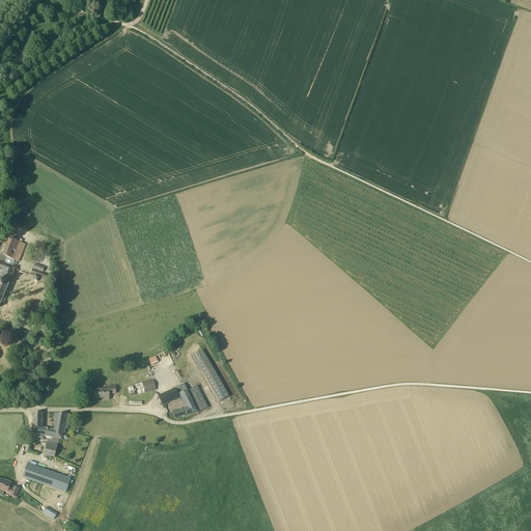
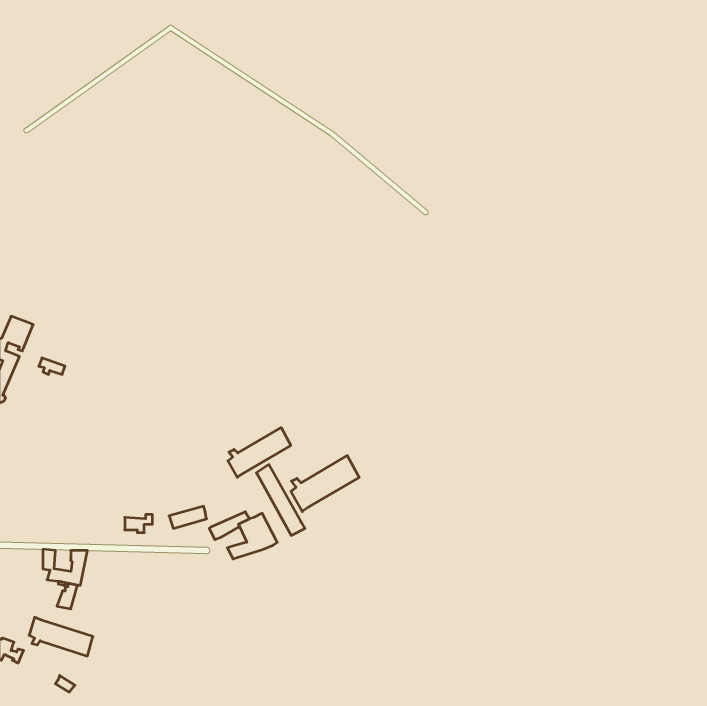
building: none -> [228,428,291,477]
building: none -> [291,456,359,512]

